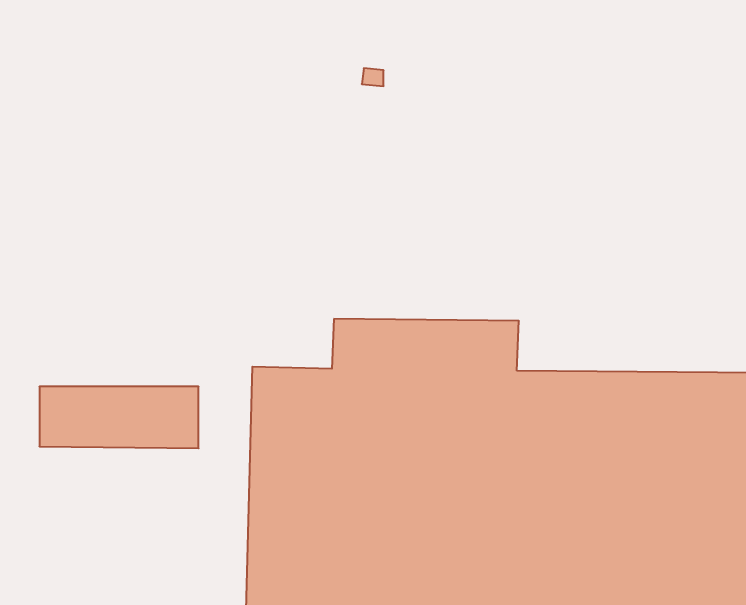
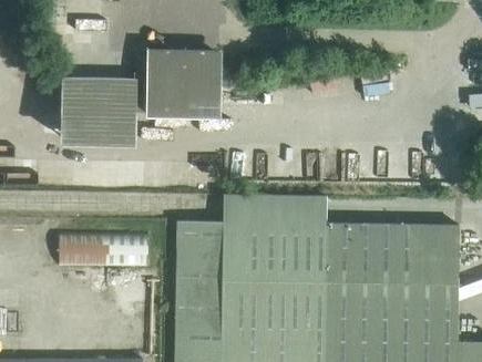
building: none -> [63,54,229,142]

